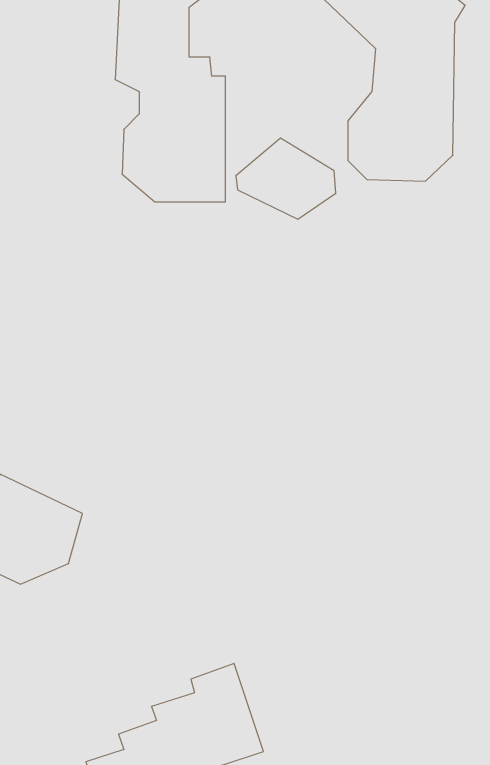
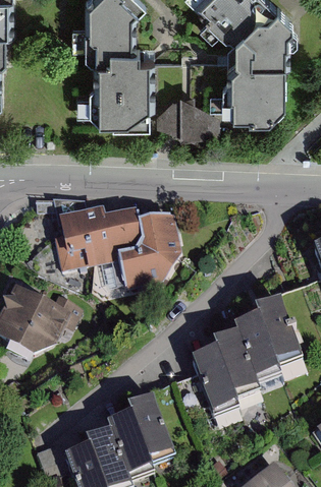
building: none -> [54,210,180,290]
building: none -> [194,303,299,416]

